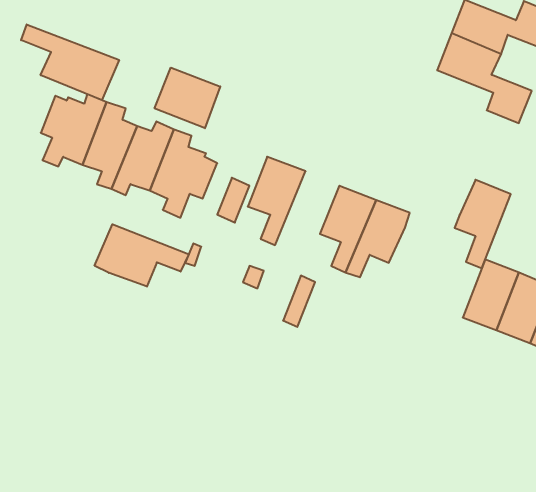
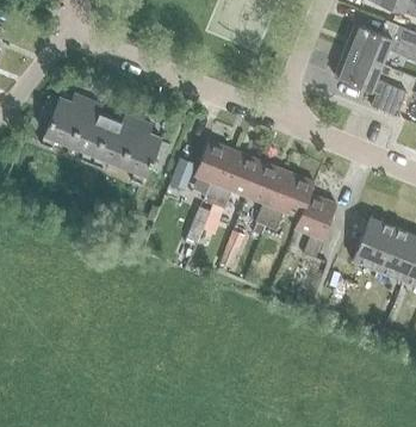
building: [21,24,119,100] -> none
building: [155,68,220,128] -> none
building: none -> [215,151,262,210]
building: [455,180,511,268] -> [296,193,337,259]
building: [95,224,189,287] -> none

